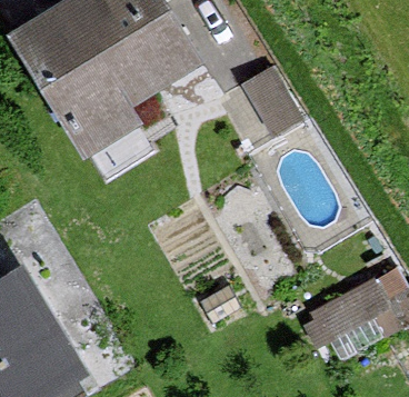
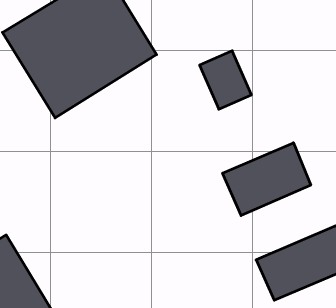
building: none -> [223,143,311,216]

